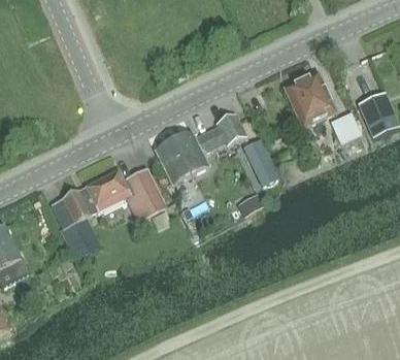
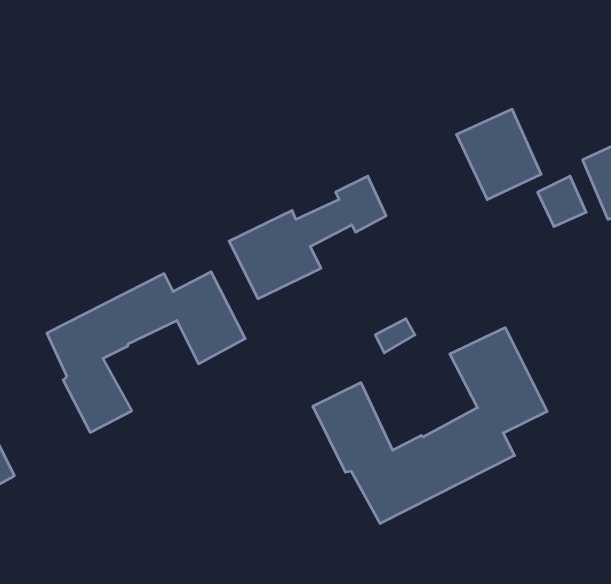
building: [240,136,279,187] -> none
building: none -> [313,328,547,524]

